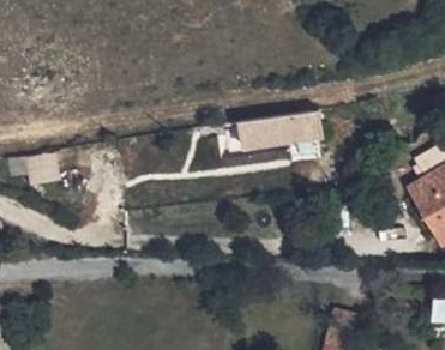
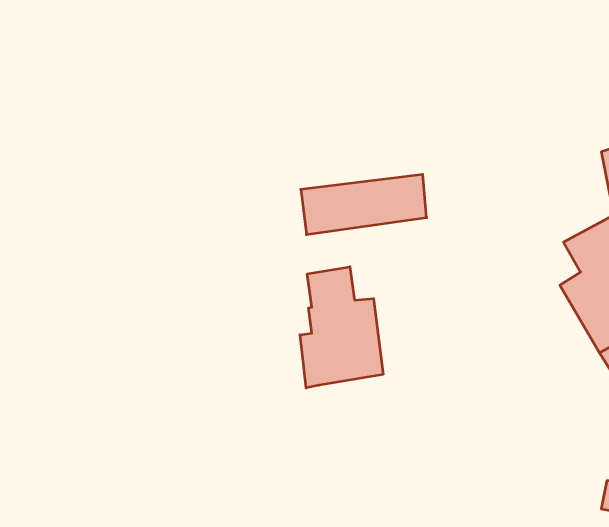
building: none -> [300,267,383,388]

